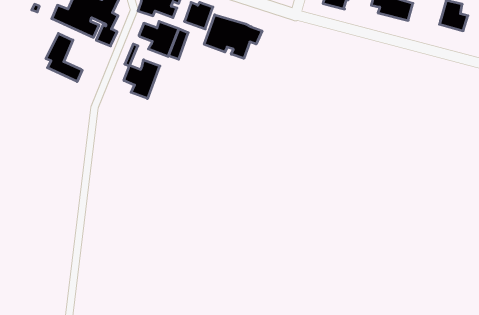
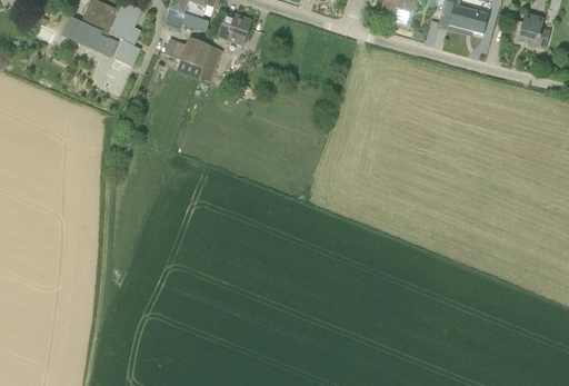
building: [204,15,262,58] -> none
building: [46,33,82,82] -> none
building: [124,60,160,99] -> none

